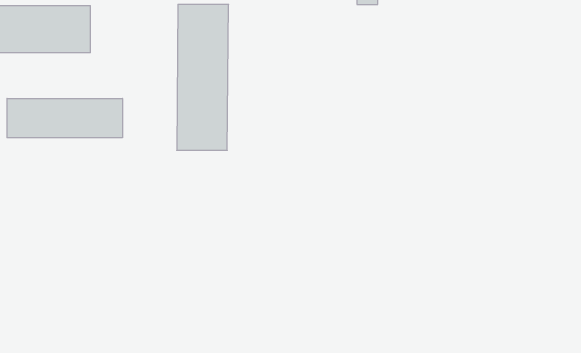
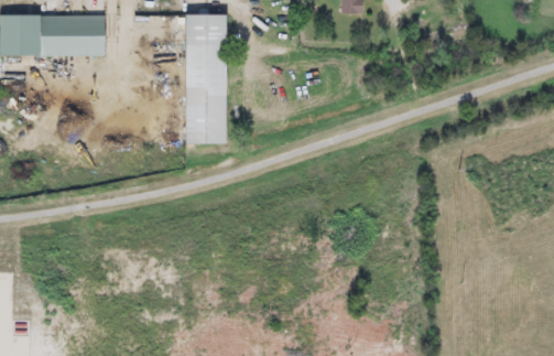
building: [7,98,122,138] -> none

